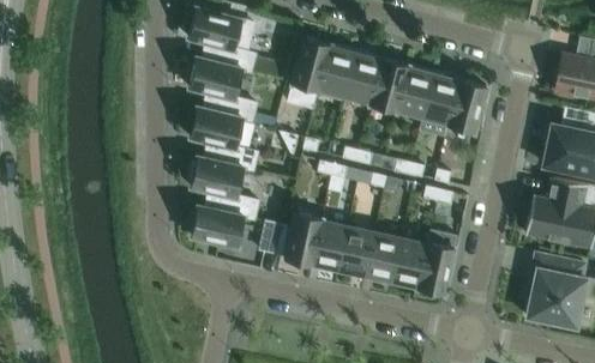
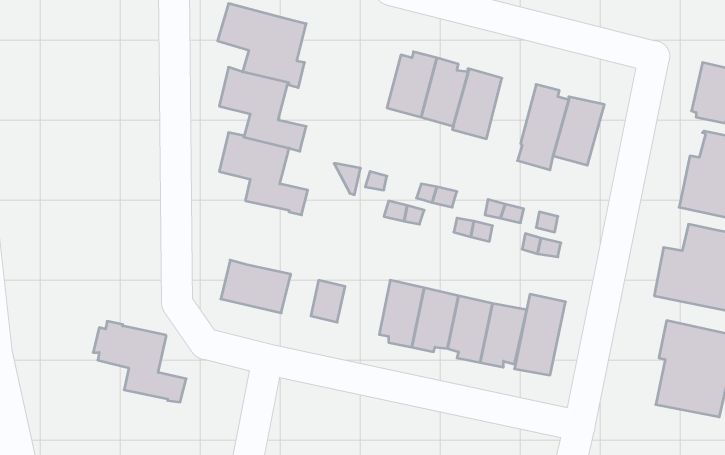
building: [289,38,332,109] -> none
building: [397,66,435,116] -> none
building: [188,157,260,219] -> [93,321,186,402]
building: [287,213,324,266] -> none

